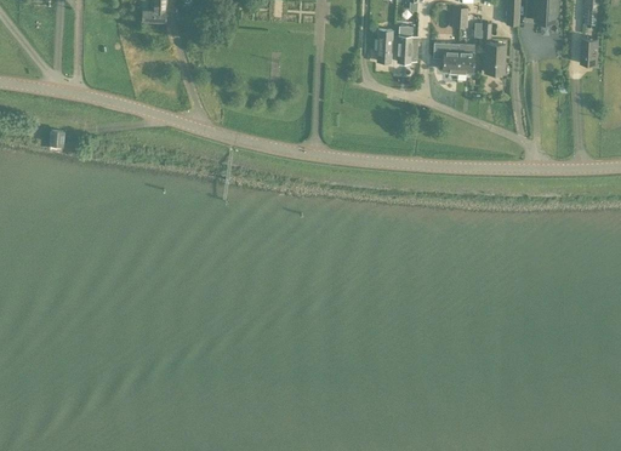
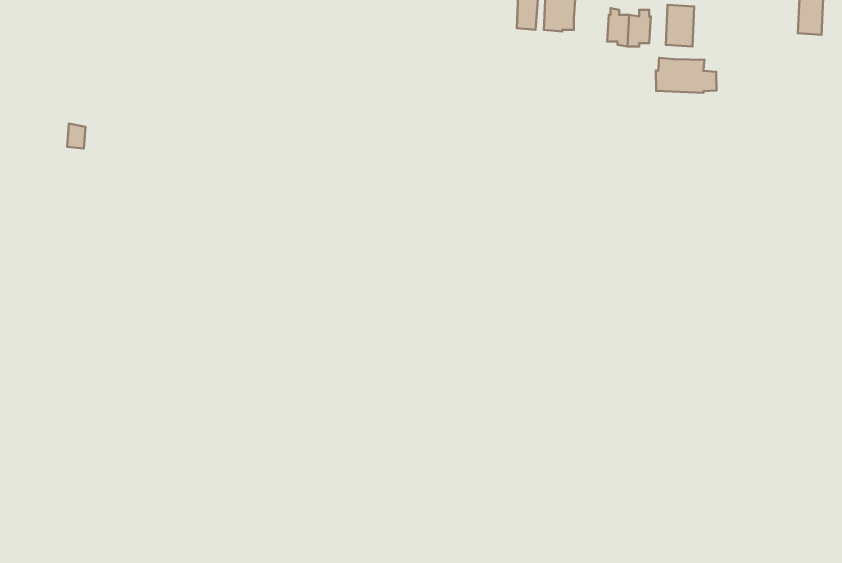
building: none -> [656,58,717,93]

